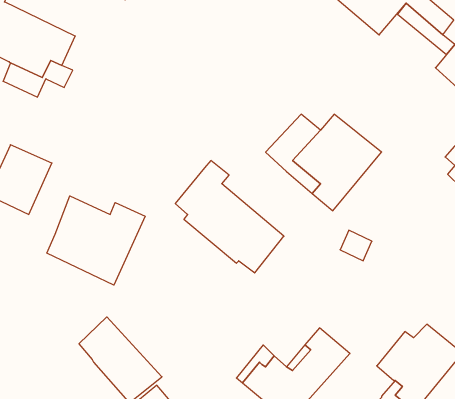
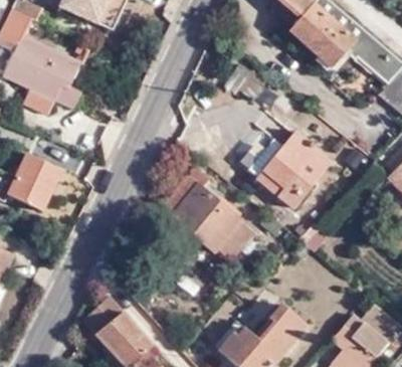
building: [47,196,145,285] -> none

